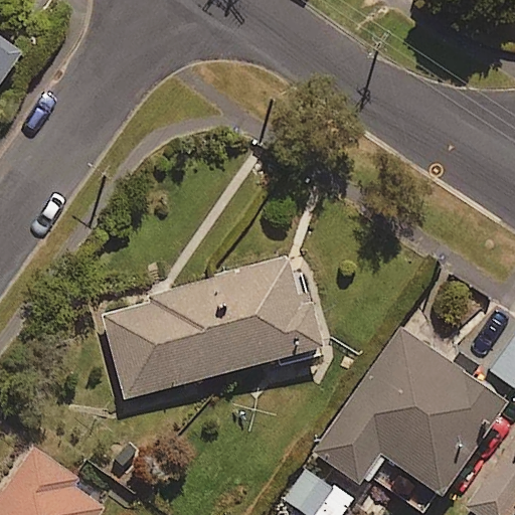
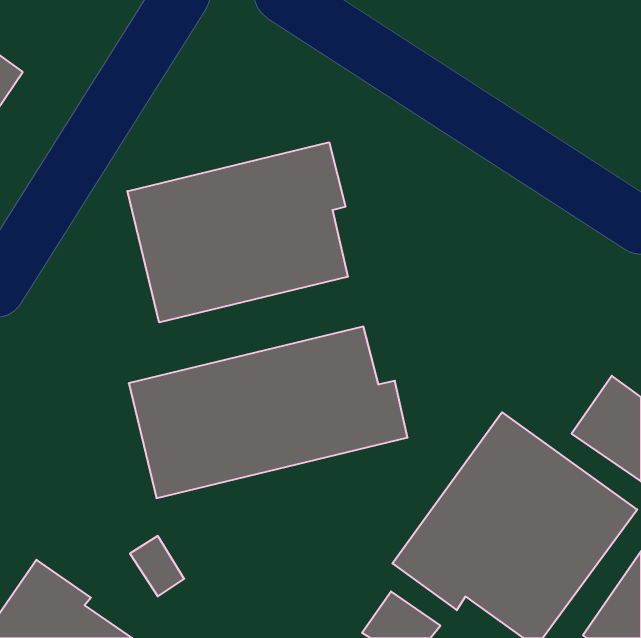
building: none -> [127,142,348,322]

